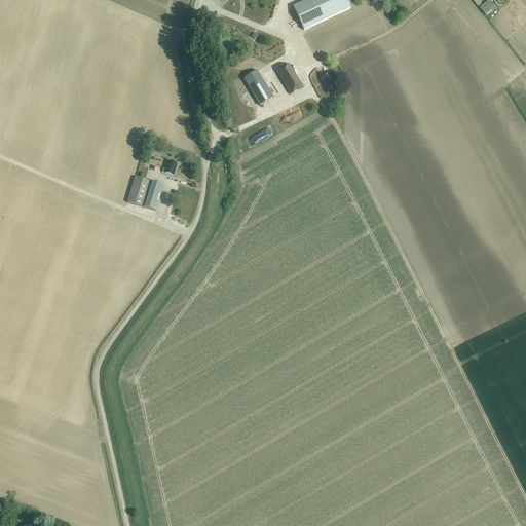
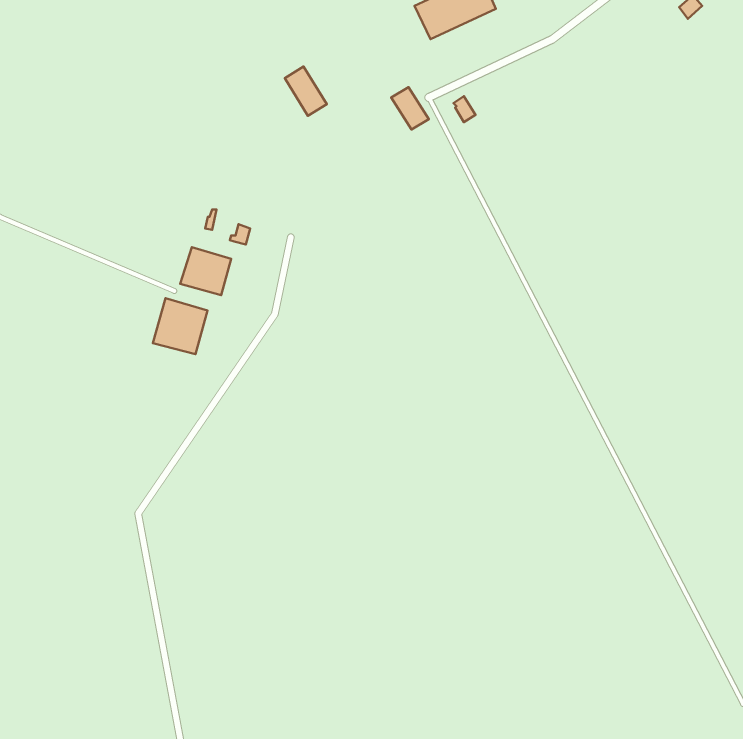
building: [243,68,273,103] -> [285,66,327,116]
building: none -> [153,298,208,354]

